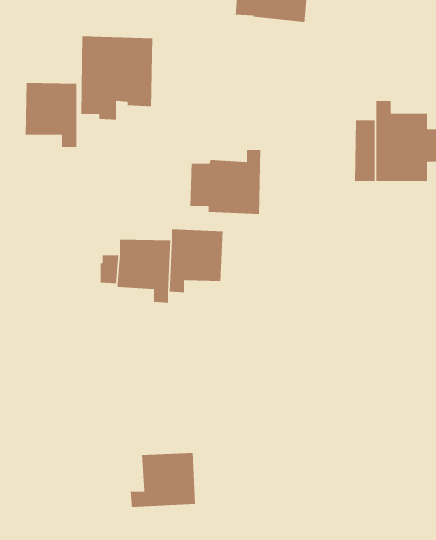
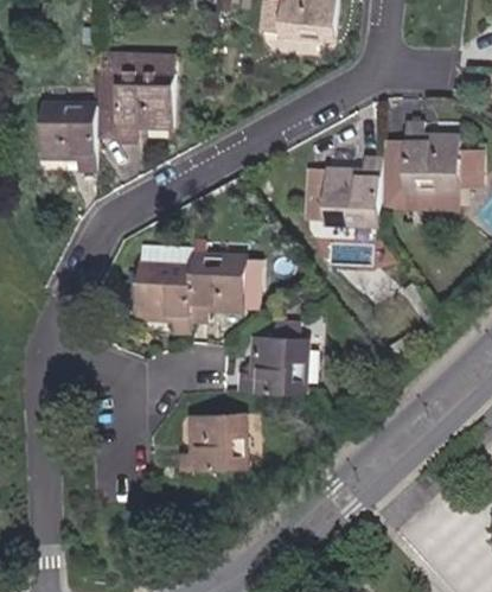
building: [190,149,261,215] -> [308,157,383,225]
building: none -> [241,320,308,393]
building: [130,452,196,508] -> [180,413,249,471]

